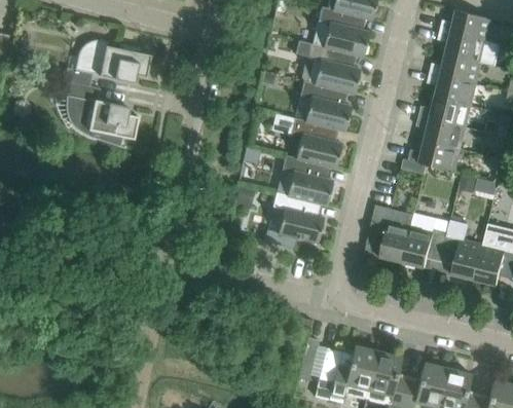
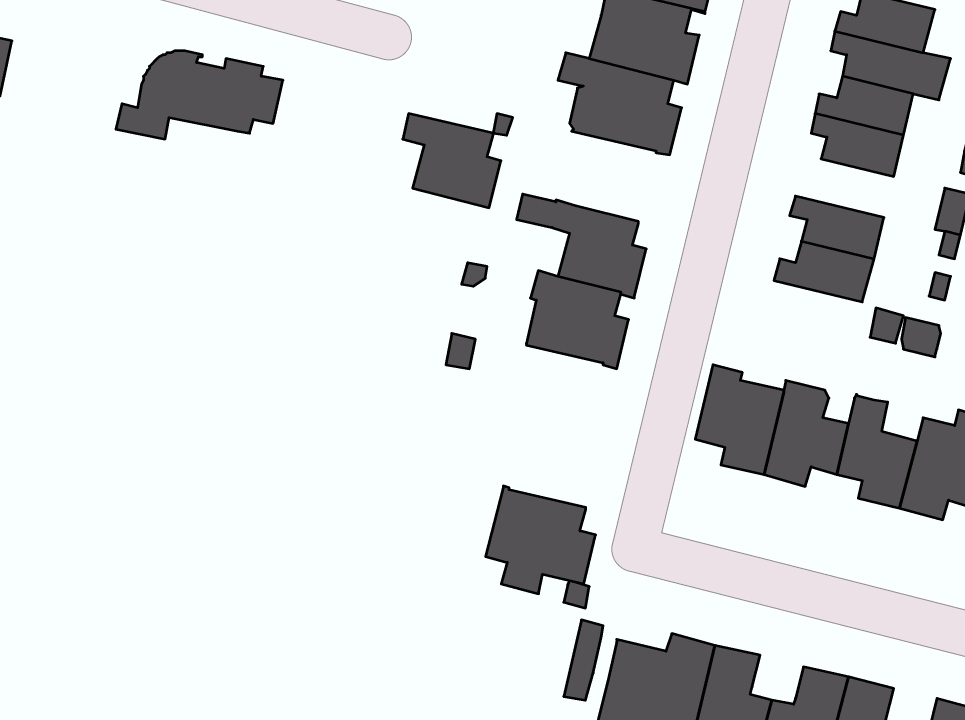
building: [62,81,139,146] -> none
building: [300,82,352,132] -> [403,114,501,208]
building: [420,97,472,127] -> none
building: [267,192,325,249] -> [486,486,596,594]

